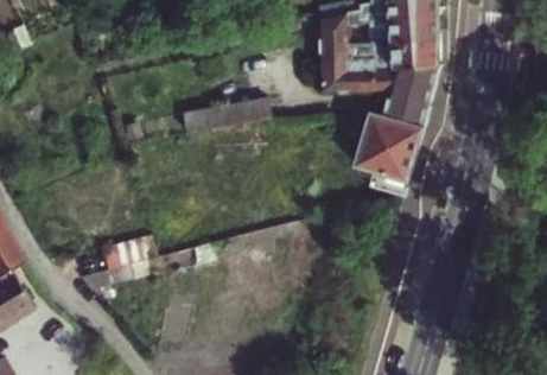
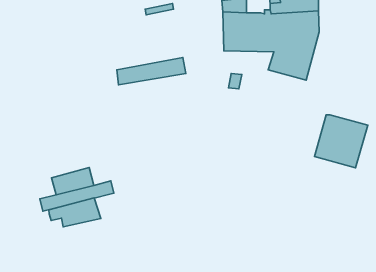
building: [356,113,422,179] -> [315,115,368,168]
building: none -> [49,198,101,227]

